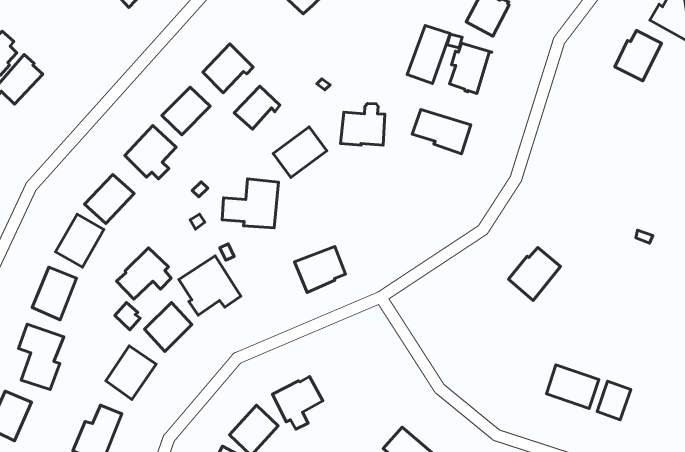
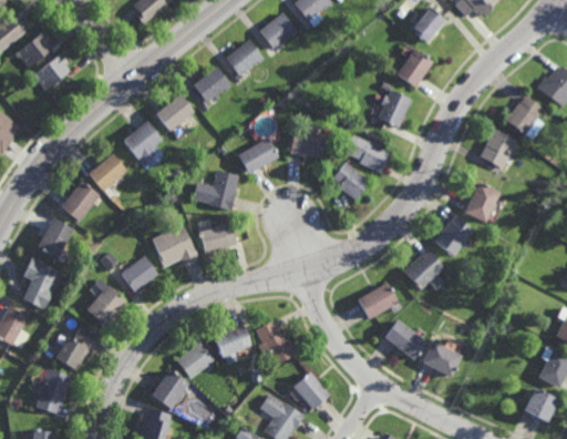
building: [407,26,450,84] -> none
building: none -> [478,127,516,170]
building: [234,86,280,129] -> [227,41,262,73]
building: none -> [332,161,369,198]
building: none -> [464,181,499,222]
building: none -> [433,215,473,256]
building: [294,247,346,292] -> [199,222,237,254]
building: [117,248,171,299] -> none
building: none -> [357,283,396,318]
building: none -> [383,319,425,359]
building: none -> [255,319,296,368]
building: [597,381,631,420] -> none

